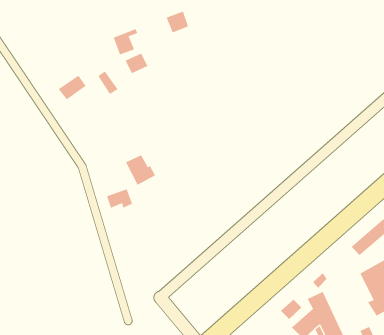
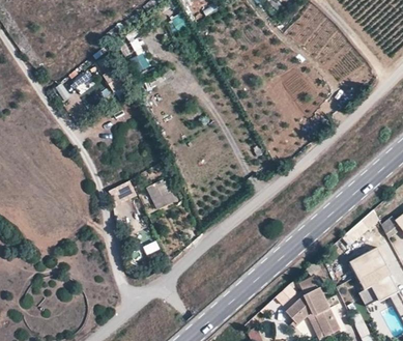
building: [125,154,156,185] -> [146,180,175,209]

